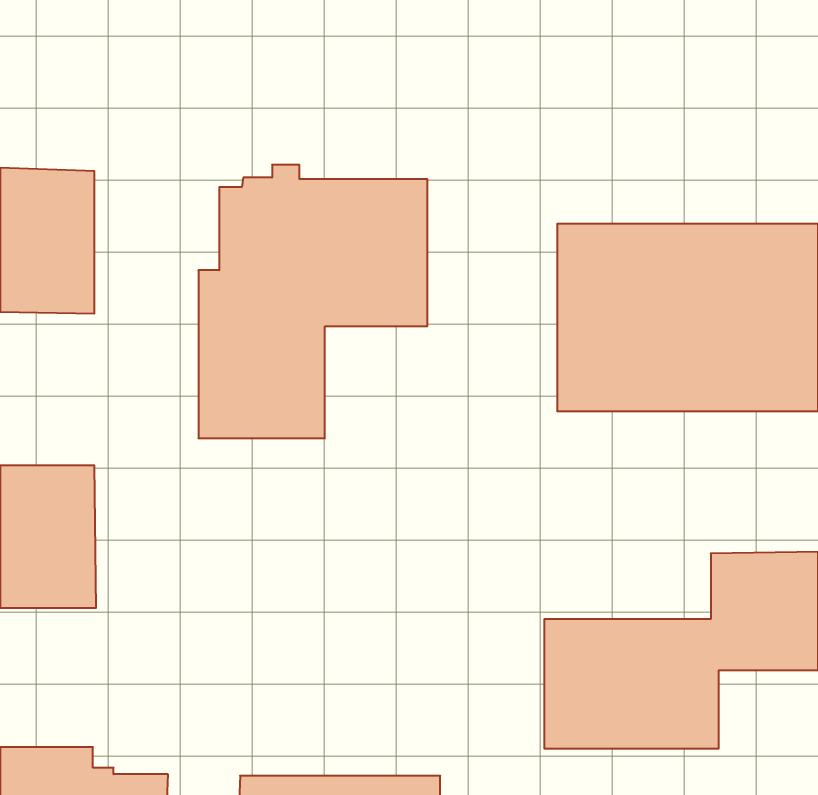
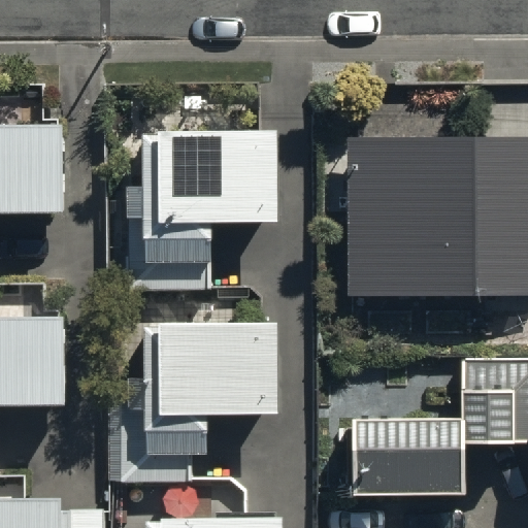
building: none -> [121,321,275,490]

